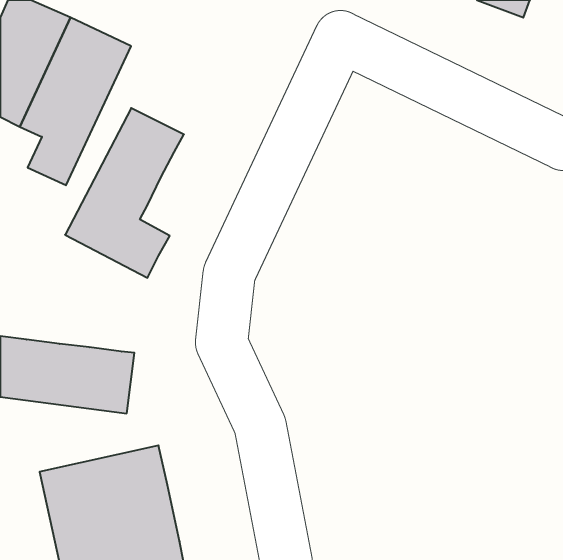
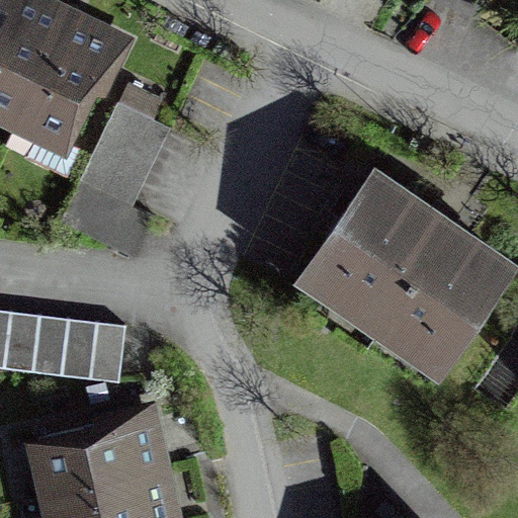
building: none -> [301,170,511,368]

